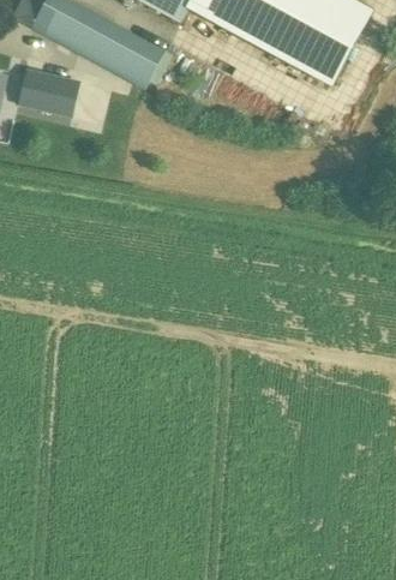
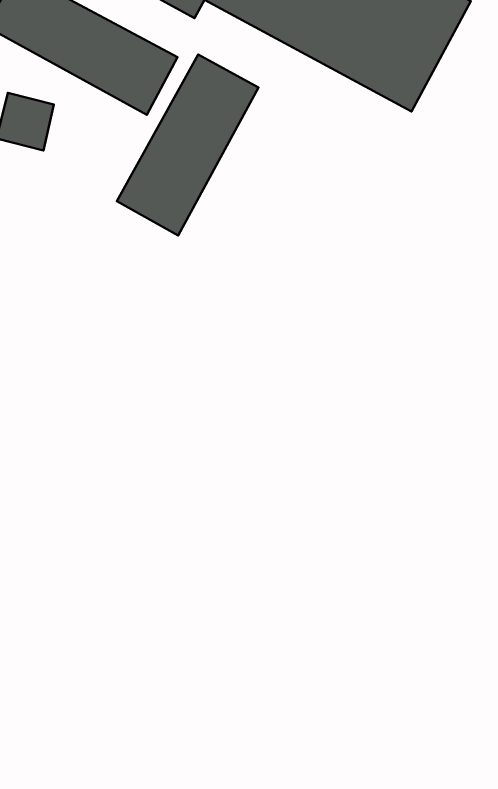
building: none -> [117,55,258,235]

